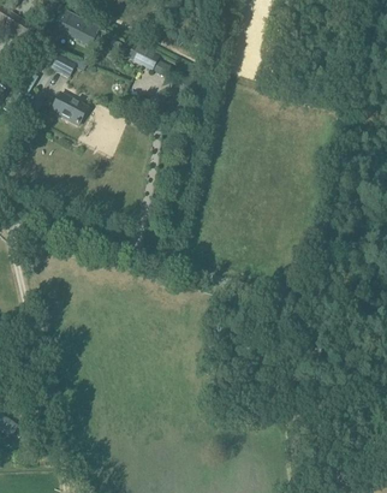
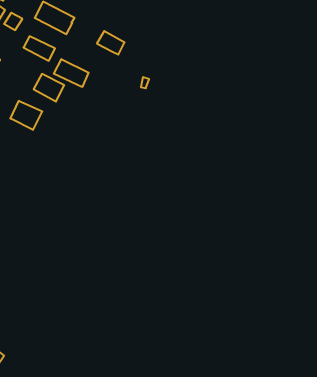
building: none -> [54,59,89,87]
building: none -> [10,101,42,130]

